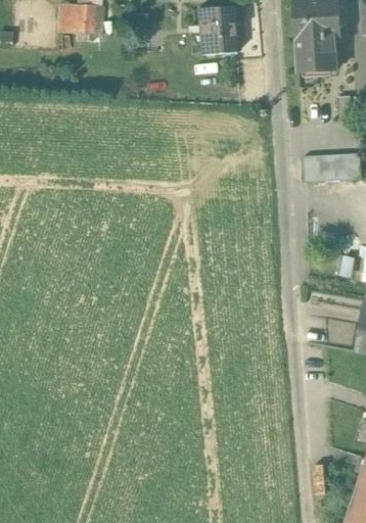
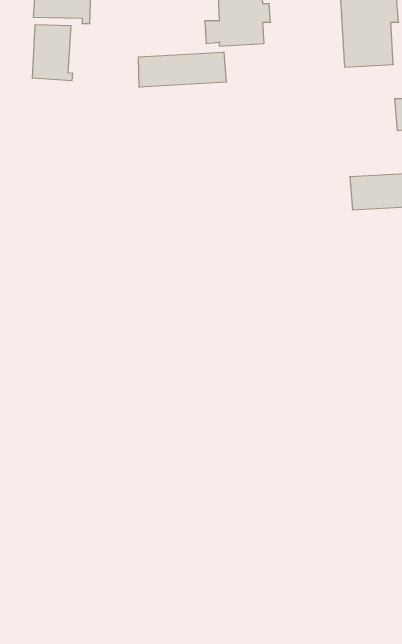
building: none -> [33,25,73,81]
building: none -> [139,52,226,87]

